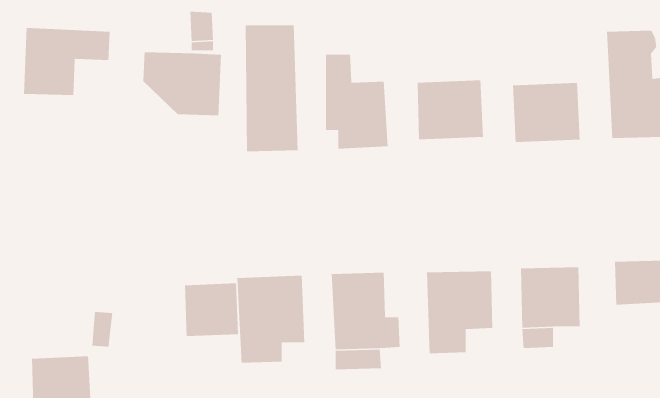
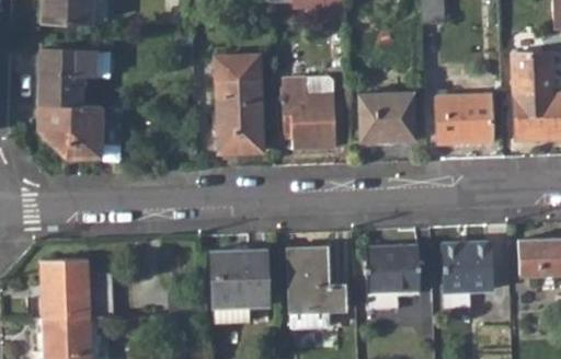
building: [143,52,222,116] -> [36,104,101,157]
building: [184,283,239,337] -> none
building: none -> [42,259,91,319]

